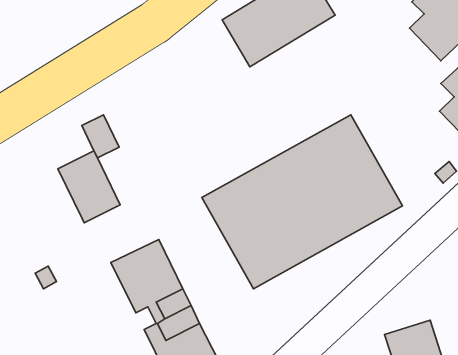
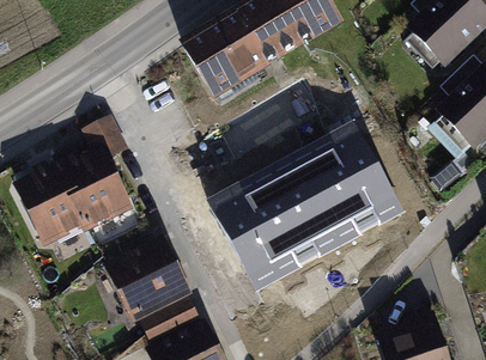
building: none -> [186,23,260,104]
building: none -> [23,166,85,238]

